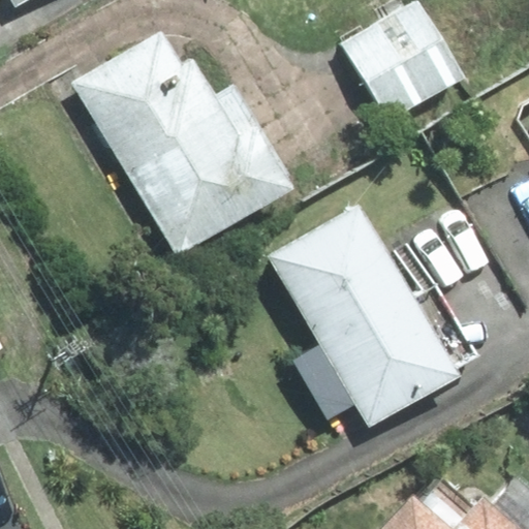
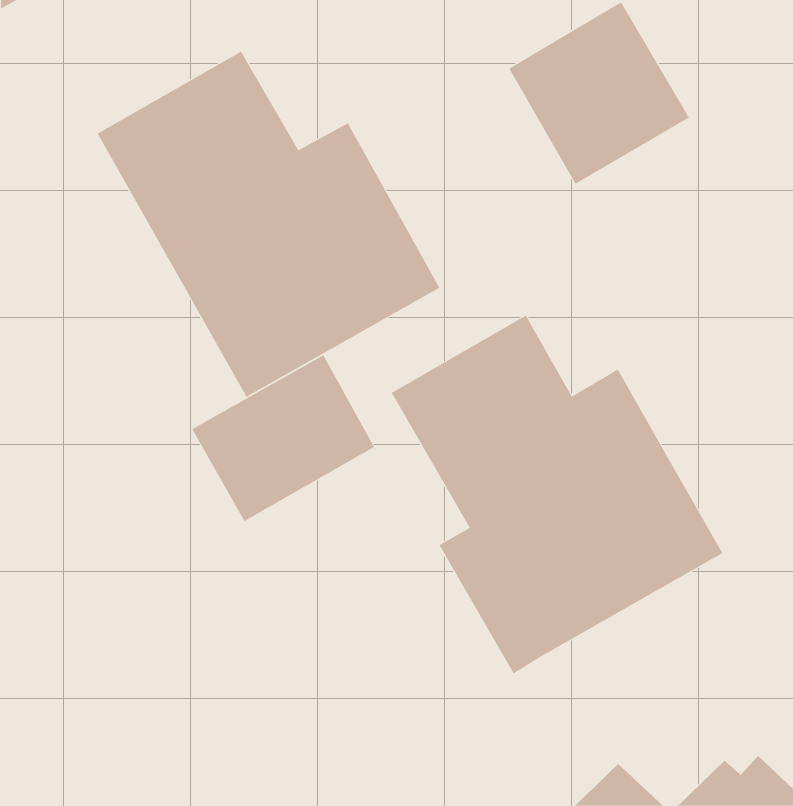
building: none -> [192,355,375,522]

